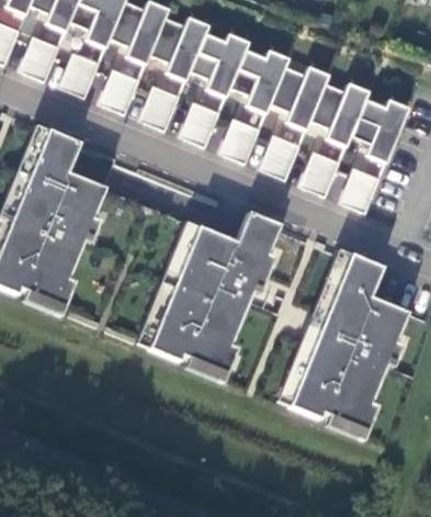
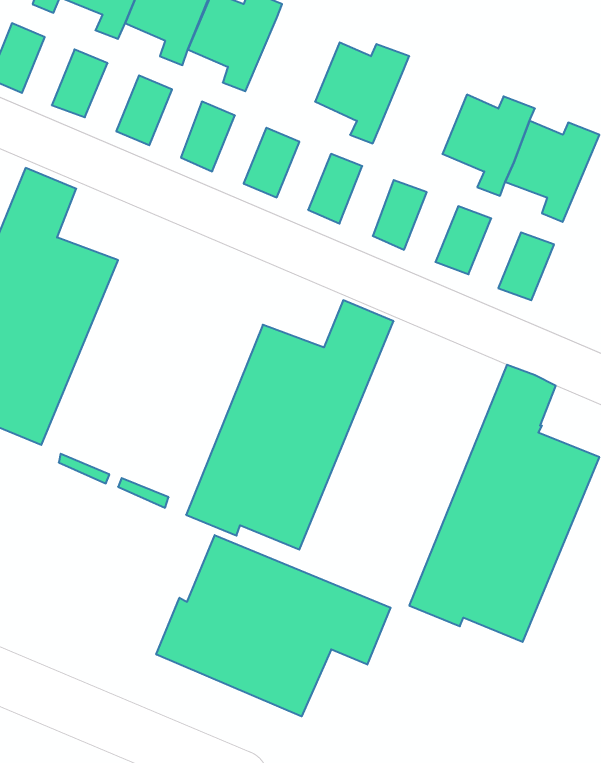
building: [190,33,248,97] -> none
building: [270,66,328,130] -> none
building: none -> [156,535,391,716]

